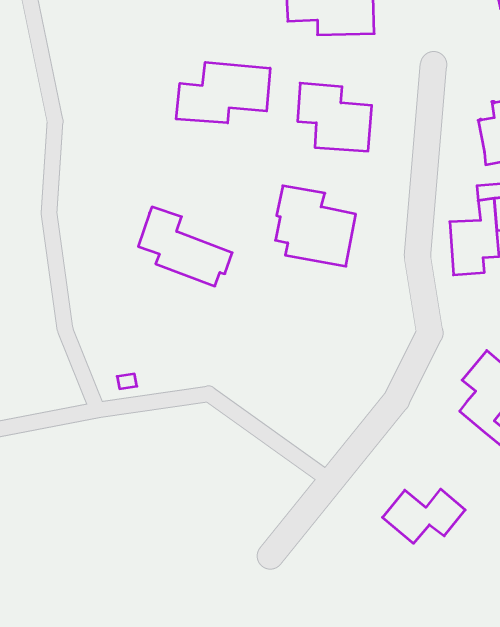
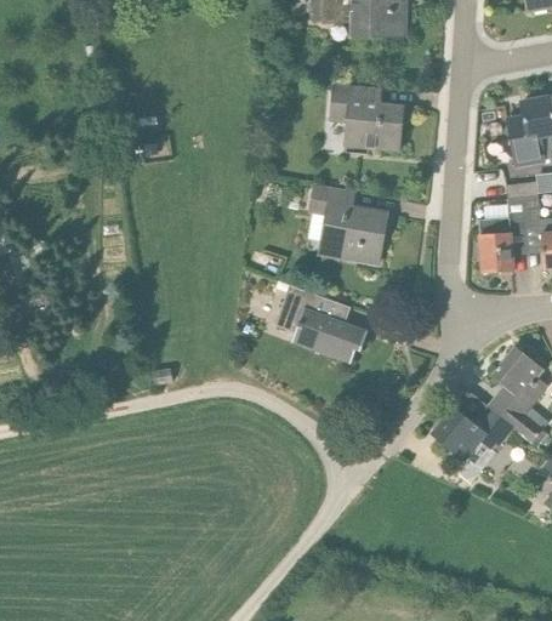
building: [176,62,270,123] -> none
building: [138,207,232,286] -> [277,285,369,363]
building: [382,489,465,543] -> [433,405,514,458]

